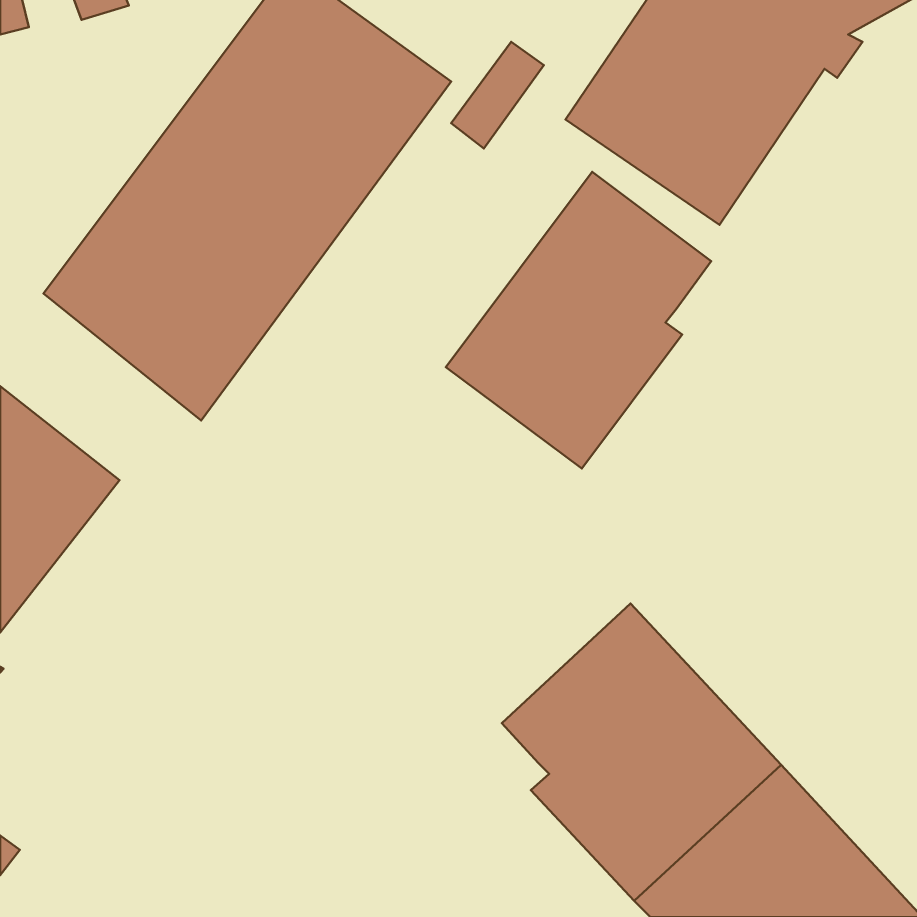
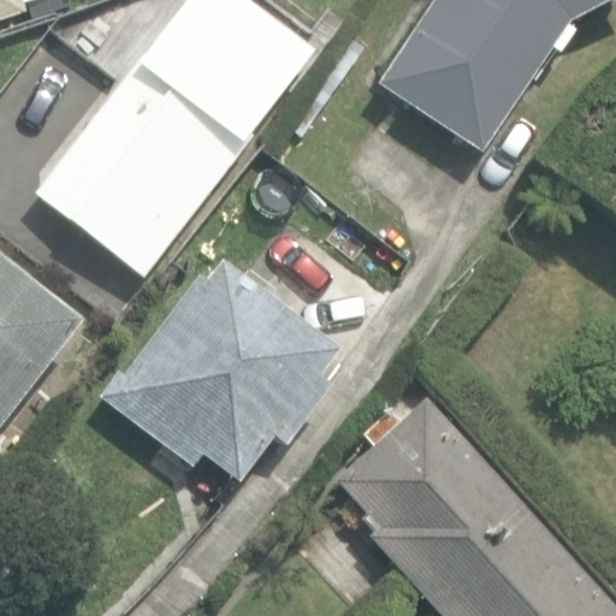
building: [446,172,711,468] -> none
building: none -> [103,257,342,479]

